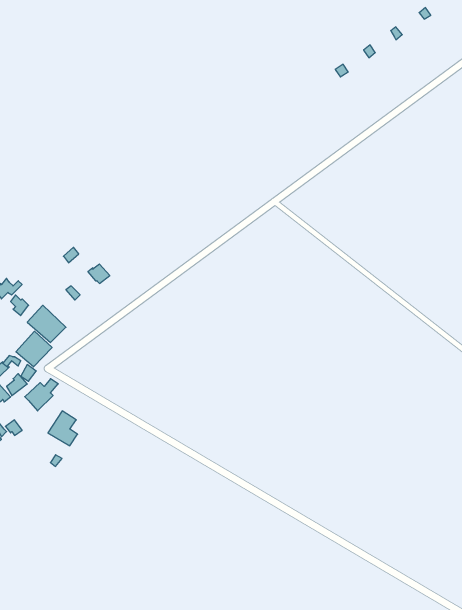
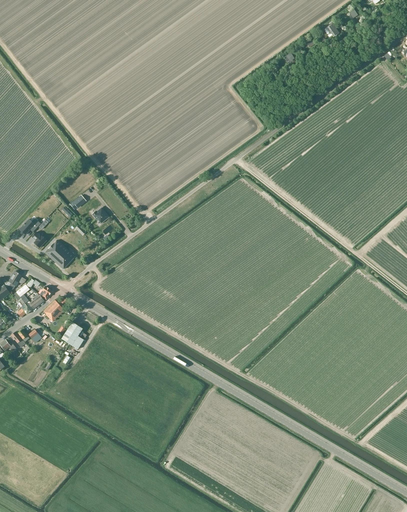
building: [16,331,52,367] -> none

